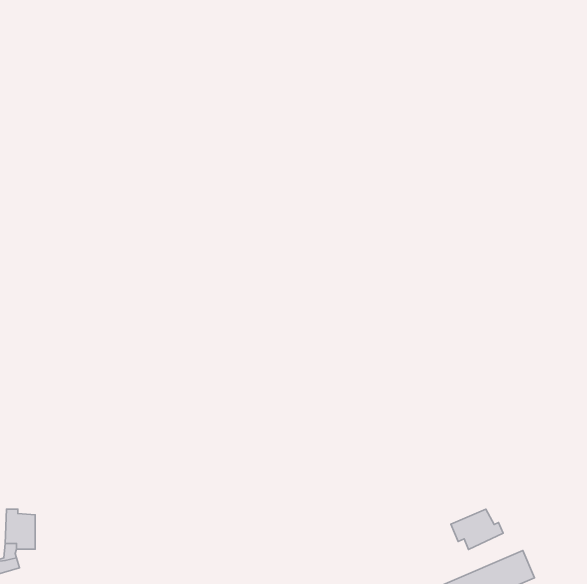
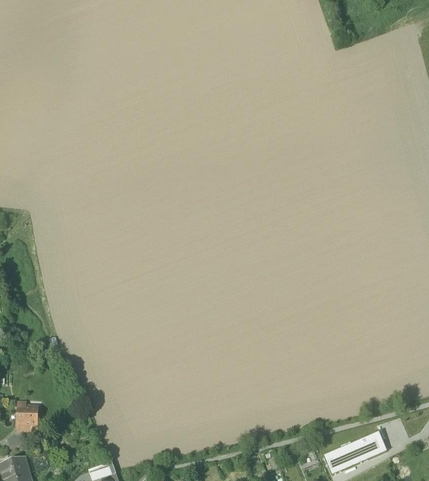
building: [451,509,503,550] -> none

